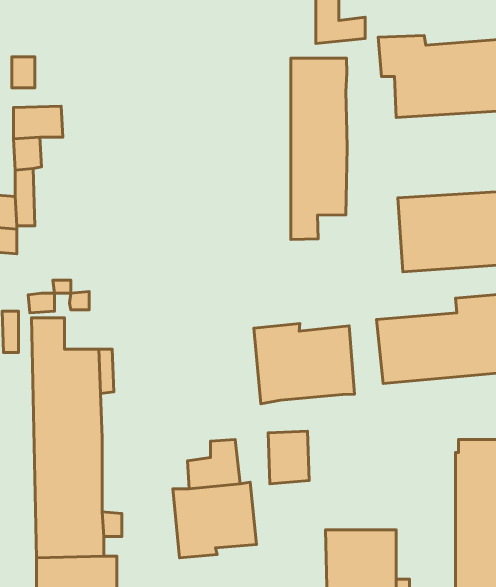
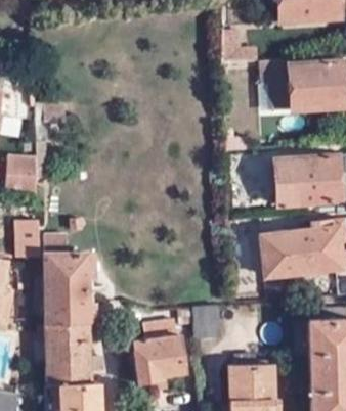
building: [291,58,347,239] -> none
building: [254,324,355,404] -> none

